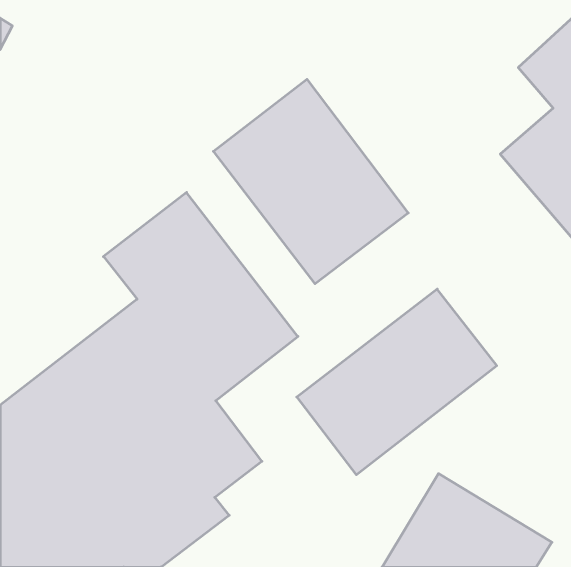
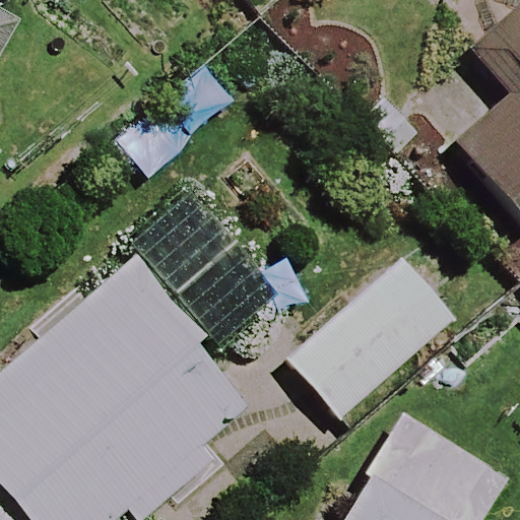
building: [213,79,408,284] -> none

